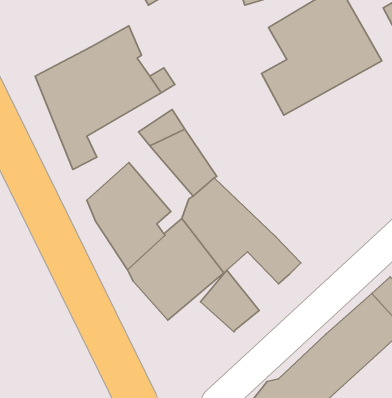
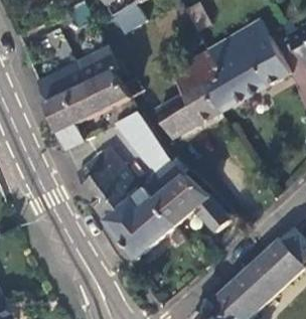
building: none -> [154,48,220,139]
building: [200,270,259,332] -> none

